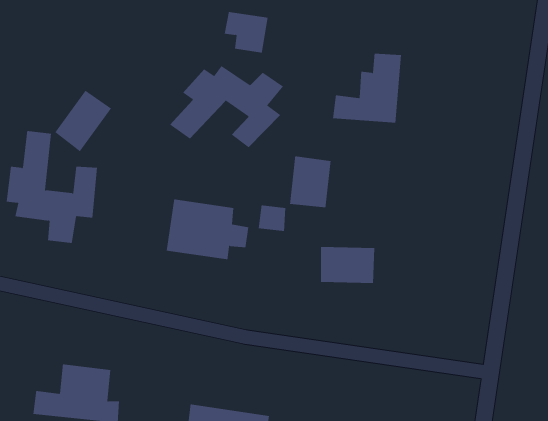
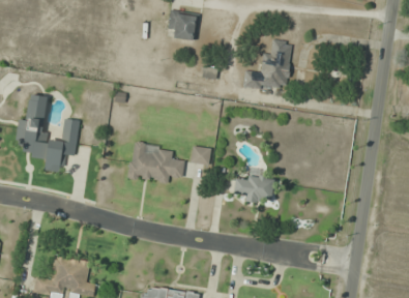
building: [169,65,284,148] -> none
building: [54,90,112,152] -> none
building: [289,156,331,208] -> none

